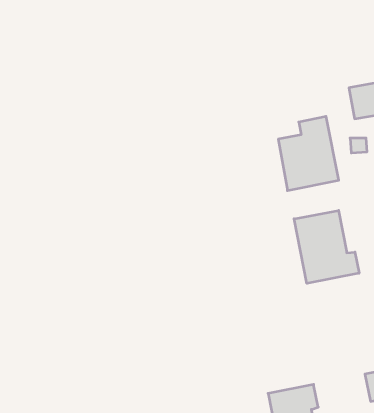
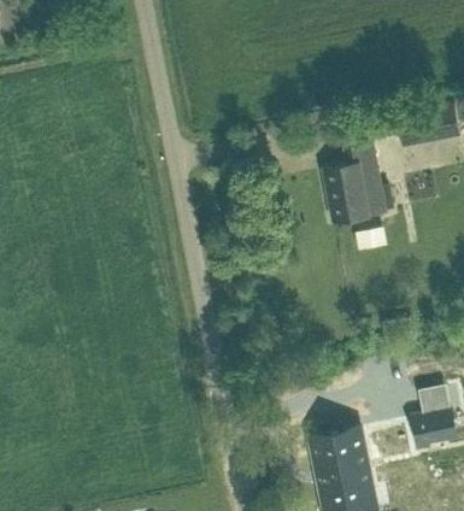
building: [294,210,359,283] -> none

